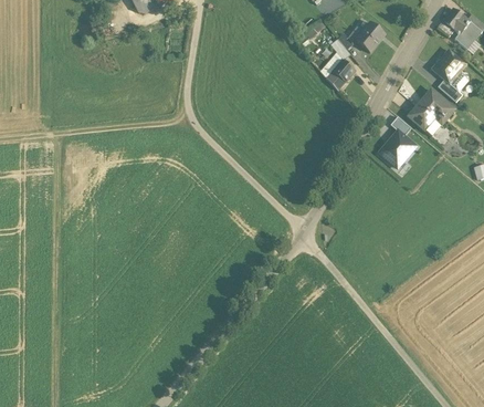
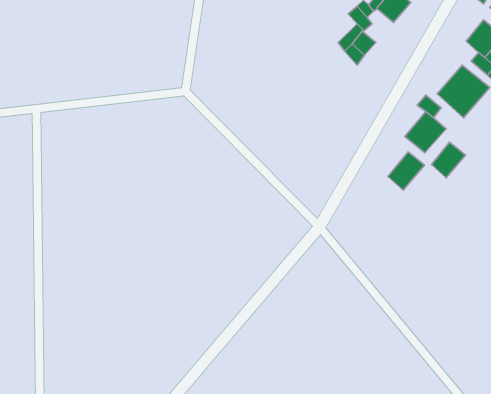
building: none -> [431,142,465,178]
building: none -> [388,152,425,190]

